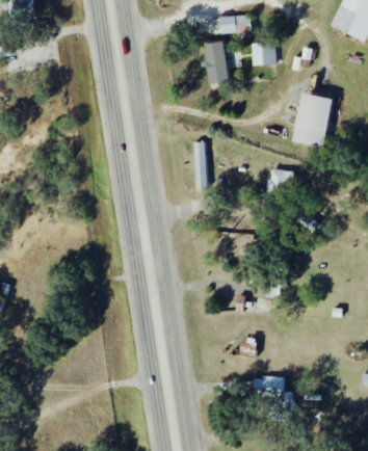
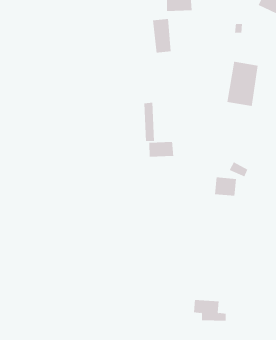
building: [253,42,277,64] -> none
building: [268,169,295,192] -> [214,177,237,196]
building: none -> [149,141,174,158]

